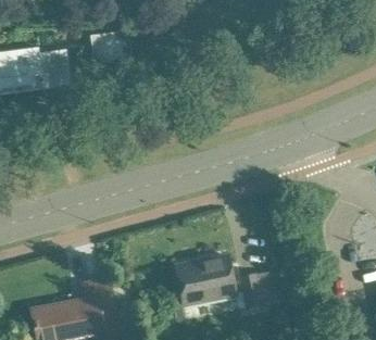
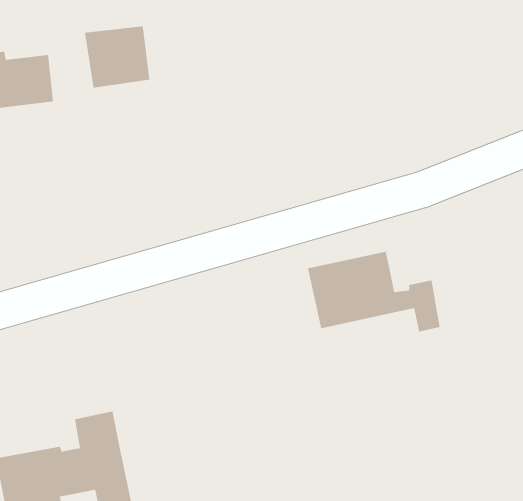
building: [176,254,262,306] -> [307,251,441,332]

